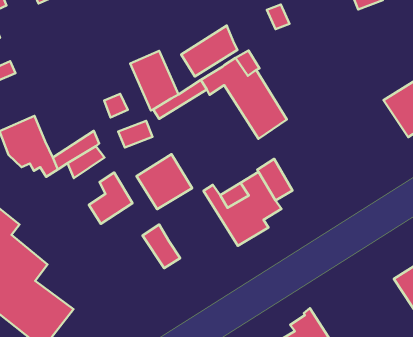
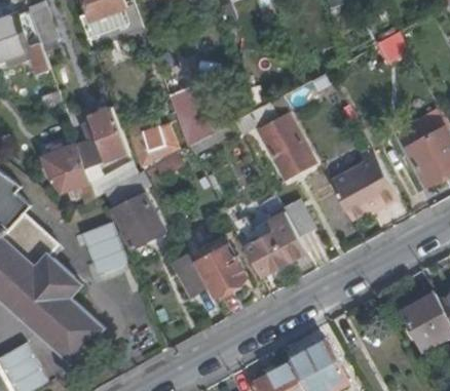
building: [181,26,237,77] -> none
building: none -> [74,107,128,167]
building: none -> [327,147,396,221]
building: [136,154,192,209] -> [194,242,246,292]
building: none -> [81,222,128,276]

